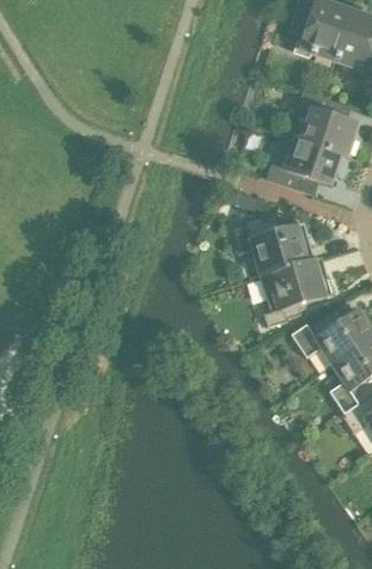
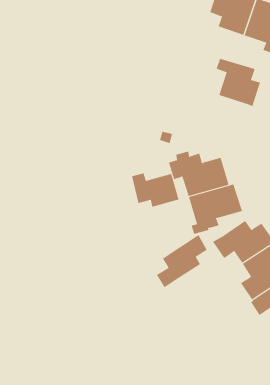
building: [267,137,341,195] -> none
building: none -> [132,172,179,208]
building: none -> [156,234,207,288]

